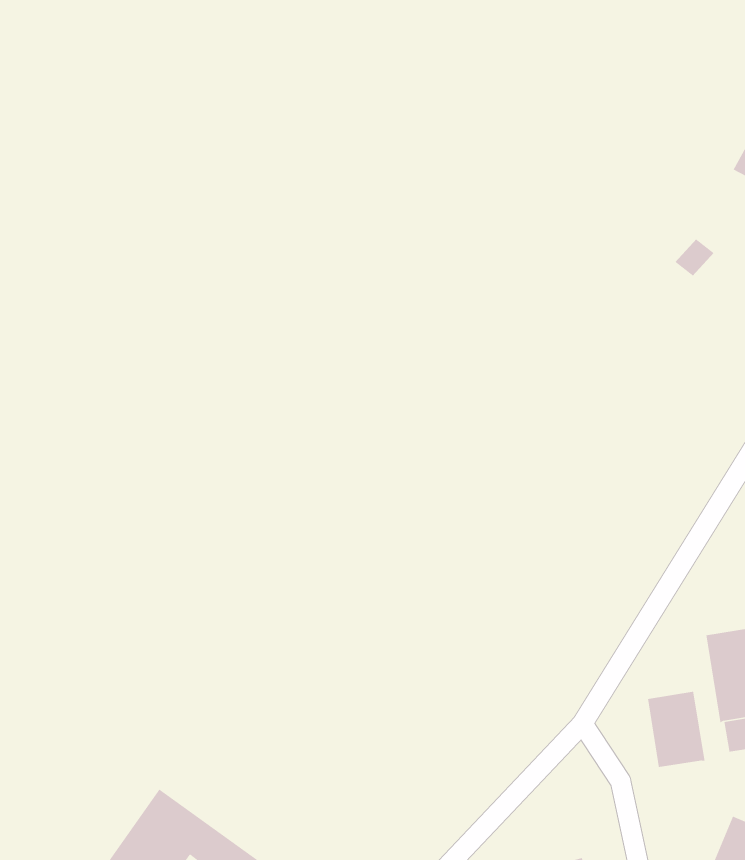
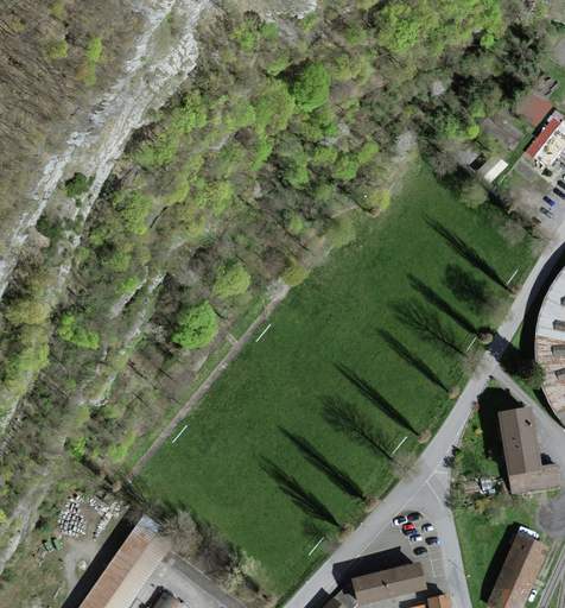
building: [647,691,705,768] -> none

